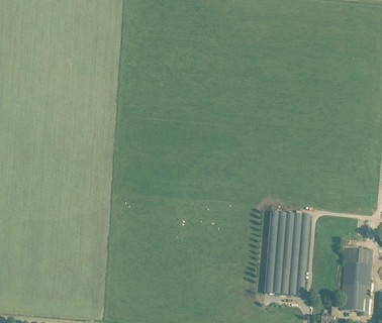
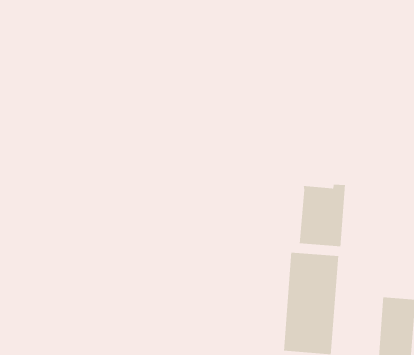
building: none -> [299,184,346,247]

